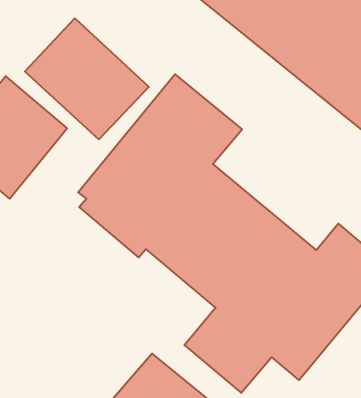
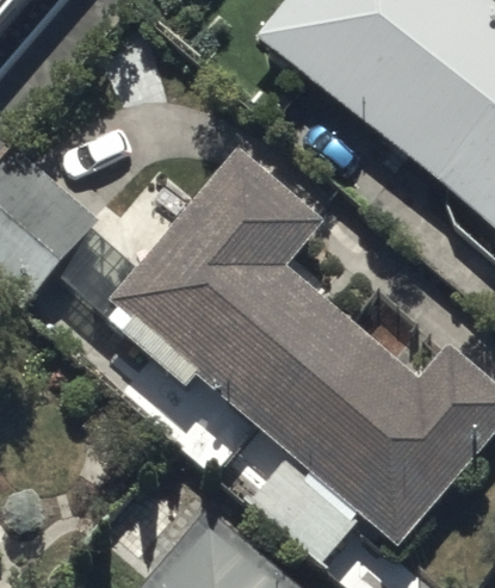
building: [25,18,149,139] -> none

